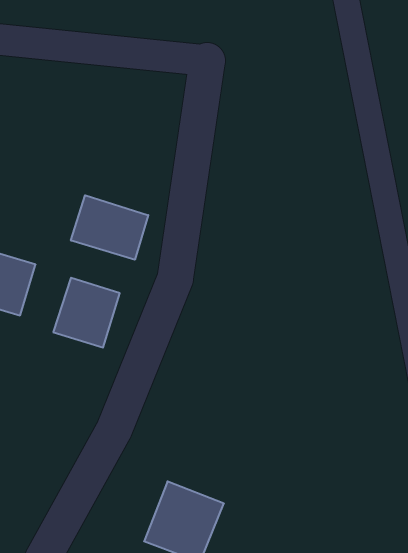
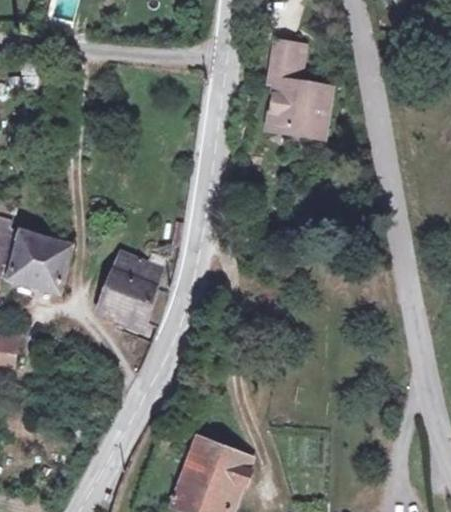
building: none -> [273,43,332,139]
building: [71,195,148,260] -> none

